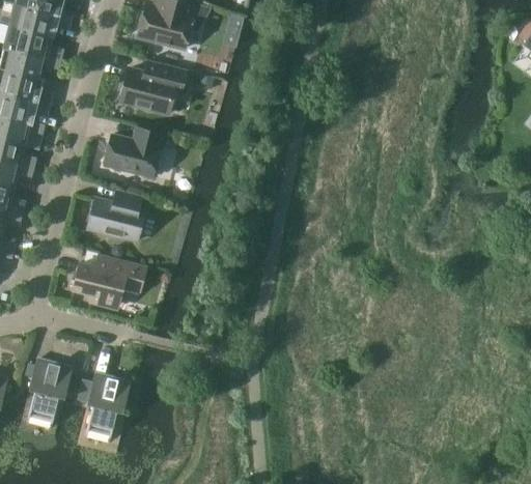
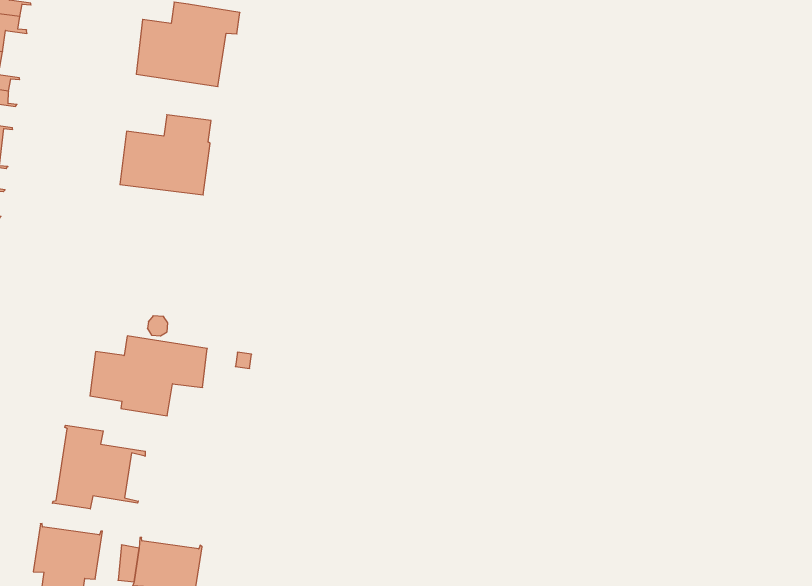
building: [87,189,144,240] -> none
building: none -> [52,425,145,509]

